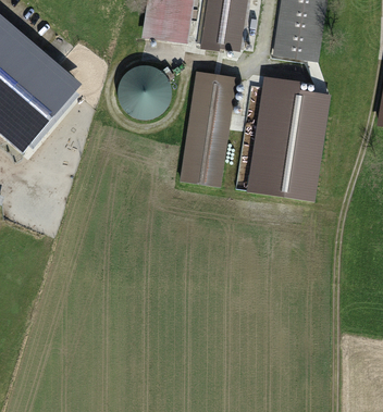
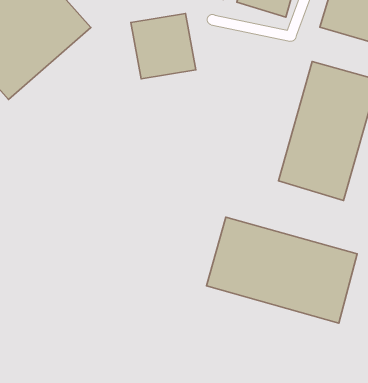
building: [180,71,236,185] -> none
building: none -> [206,217,357,323]

